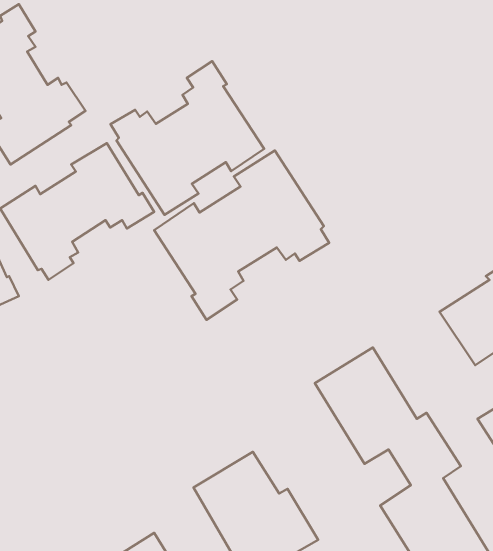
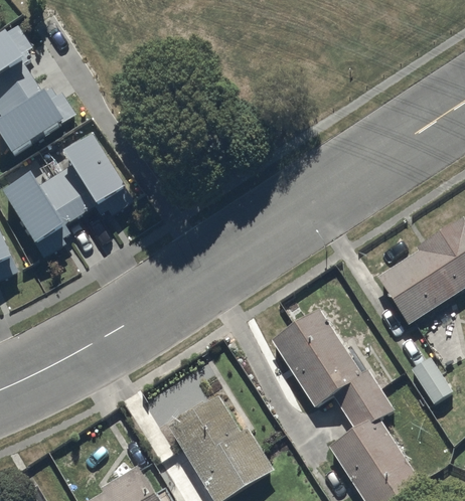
building: [111,61,264,215] -> none
building: [154,151,329,320] -> none

